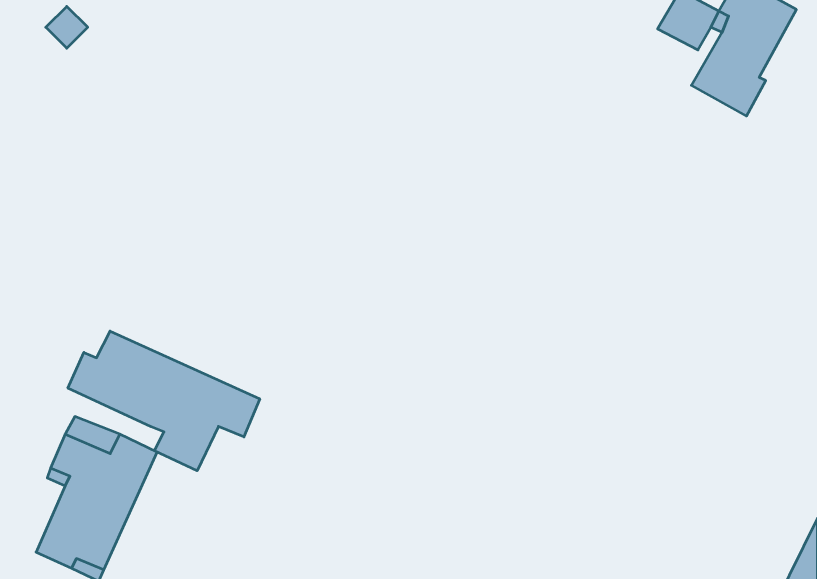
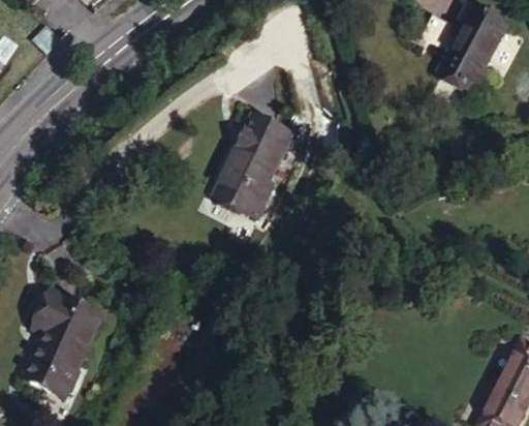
building: none -> [205,105,278,208]
building: [68,331,260,471] -> none

